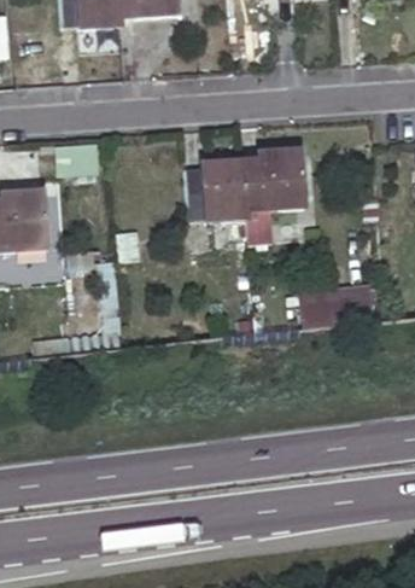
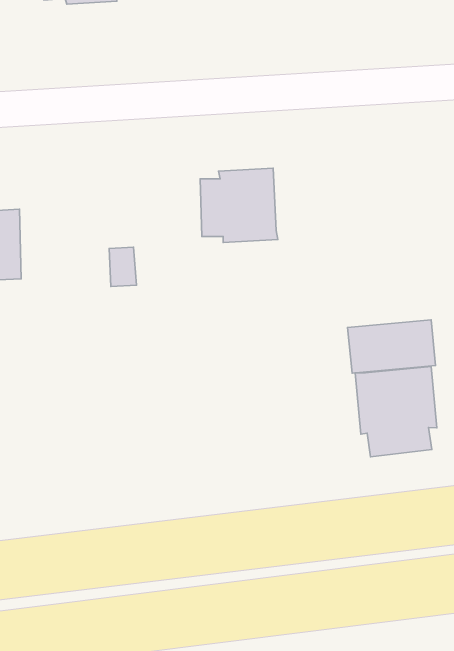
building: [246,149,305,243] -> none
building: none -> [355,367,437,457]

